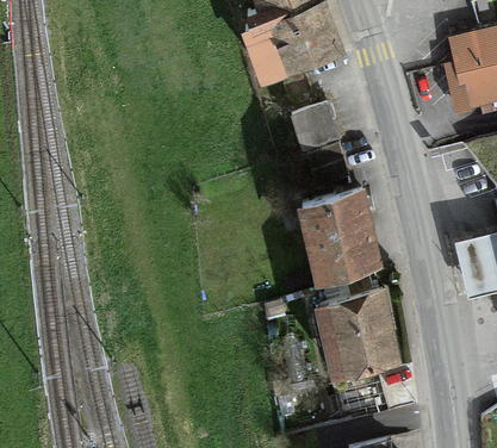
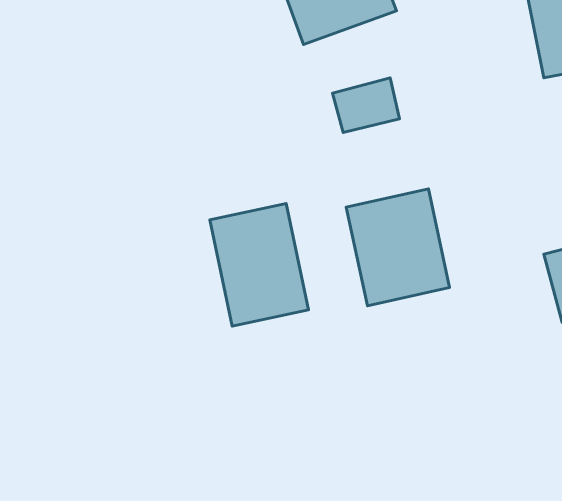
building: none -> [210,203,309,326]
building: [319,290,397,378] -> none

